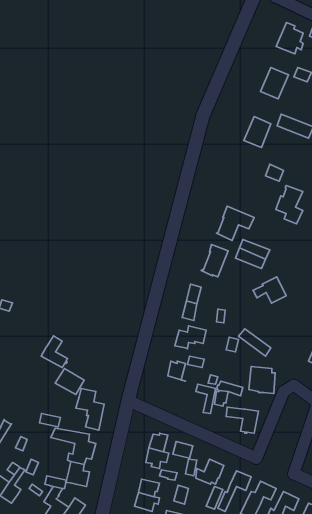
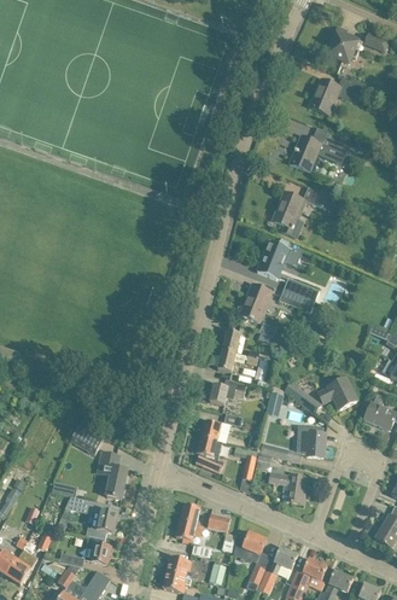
building: [276,185,303,224] -> [273,192,304,237]
building: [253,277,286,303] -> [319,378,357,408]
building: [41,336,67,368] -> none
building: none -> [197,436,223,472]

